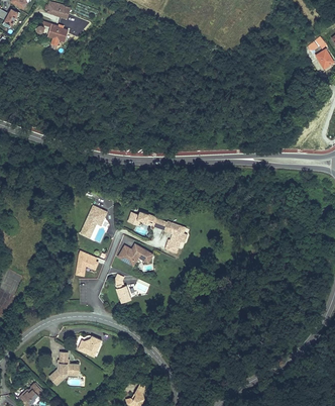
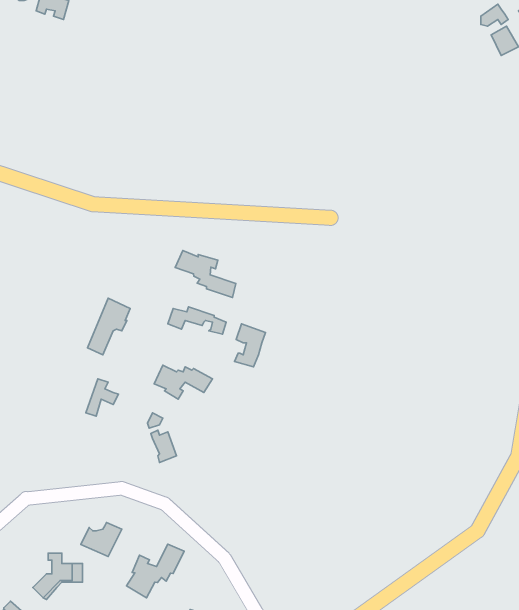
building: none -> [175,250,236,298]
building: none -> [127,544,184,598]

